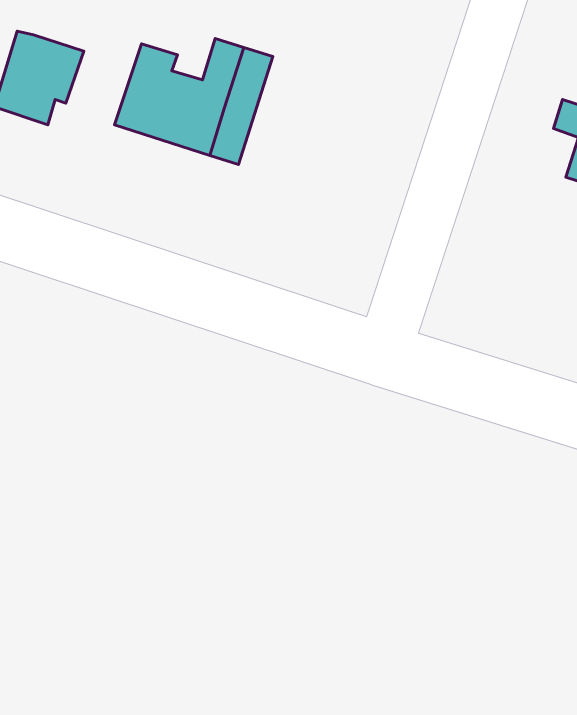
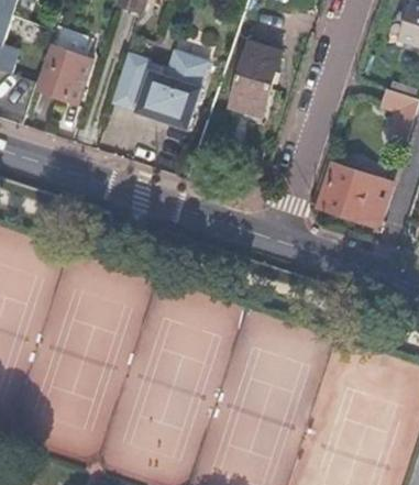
building: none -> [229,44,282,117]
building: none -> [320,166,377,221]

